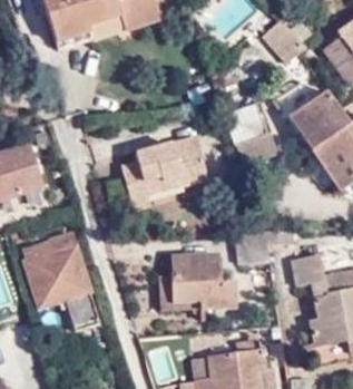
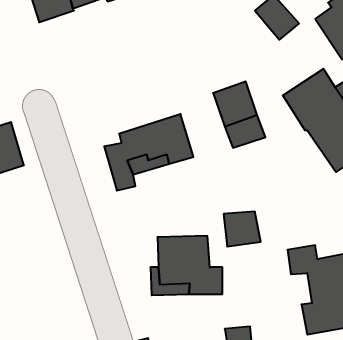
building: [26,232,100,332] -> none

